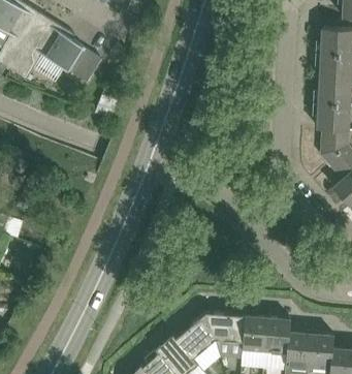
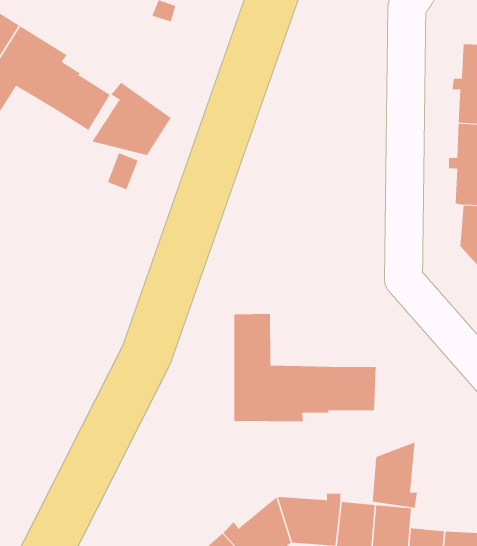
building: none -> [92,82,172,156]
building: none -> [234,313,376,422]
building: none -> [372,442,418,509]

